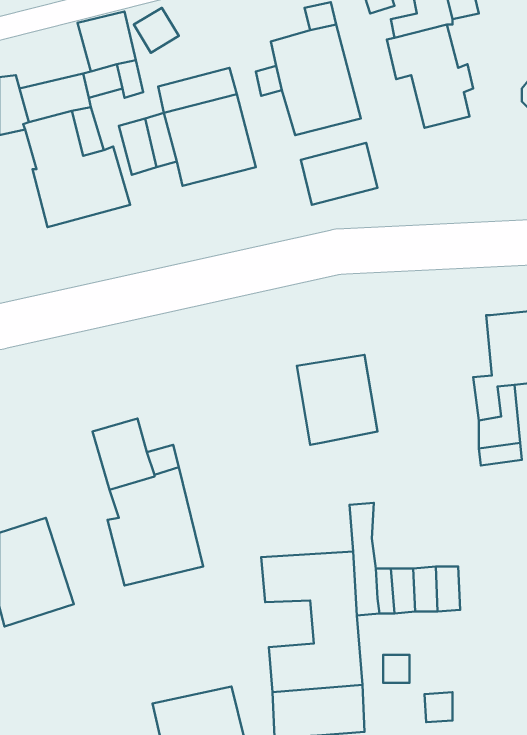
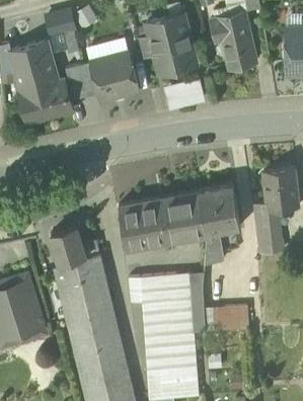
building: none -> [198,186,240,265]
building: none -> [120,199,168,249]
building: none -> [129,274,192,304]
building: none -> [68,308,126,382]
building: none -> [144,326,170,351]

